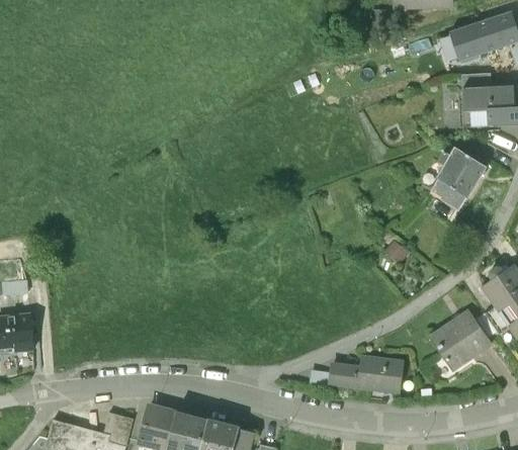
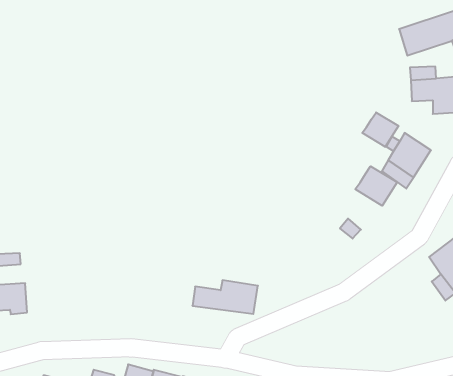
building: none -> [362,112,398,147]
building: none -> [355,166,397,206]
building: [431,311,490,369] -> none
building: [330,355,403,392] -> [192,280,258,314]

